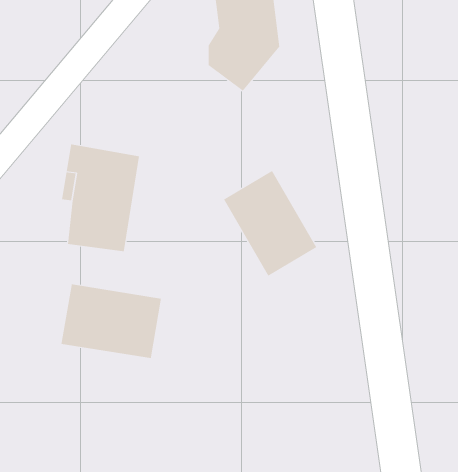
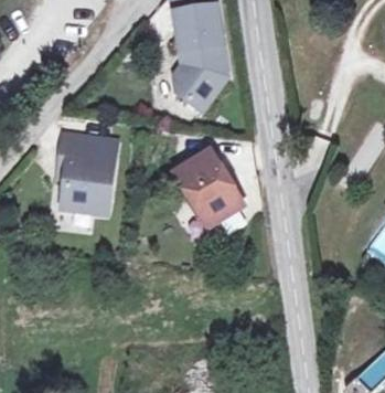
building: [61,284,162,359] -> none

